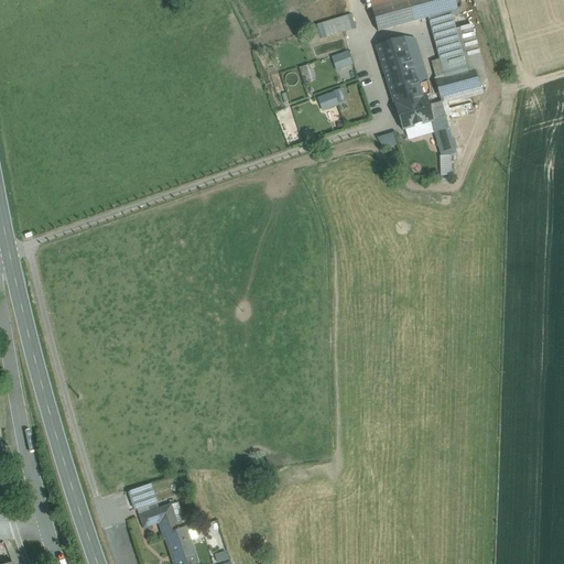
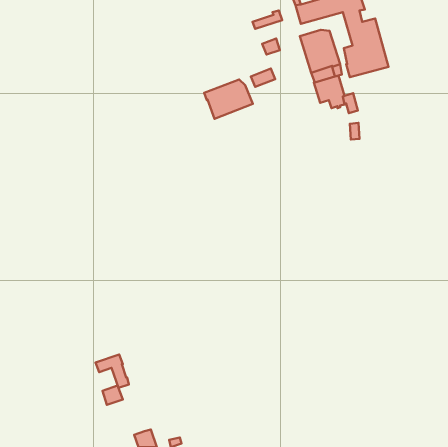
building: none -> [204,79,253,119]
building: [140,503,182,545] -> [96,355,129,388]

